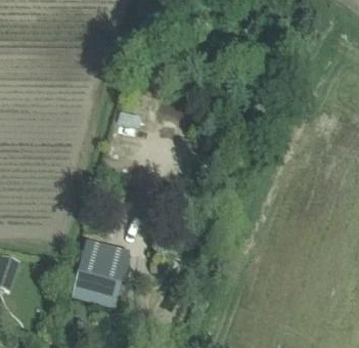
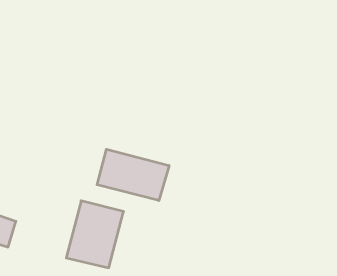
building: none -> [97,149,169,201]

